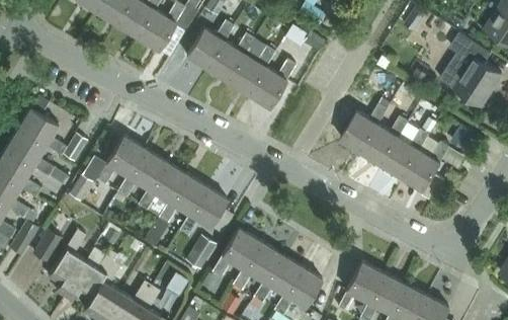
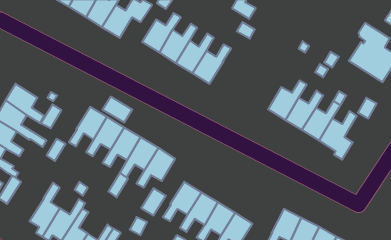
building: none -> [103,97,132,123]
building: [31,229,63,263] -> none

